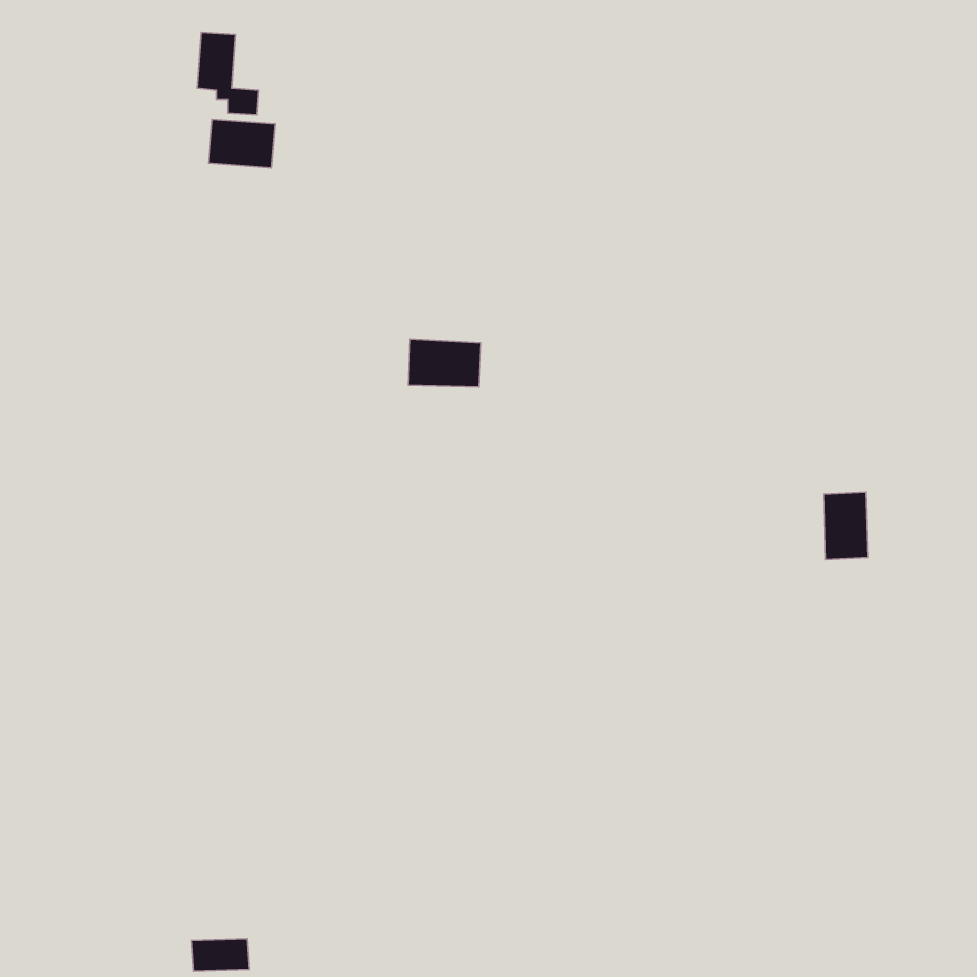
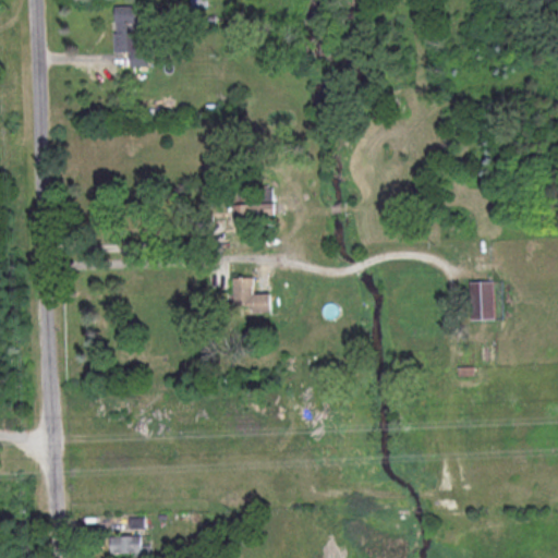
building: [208,119,275,168] -> none
building: none -> [233,277,270,313]

